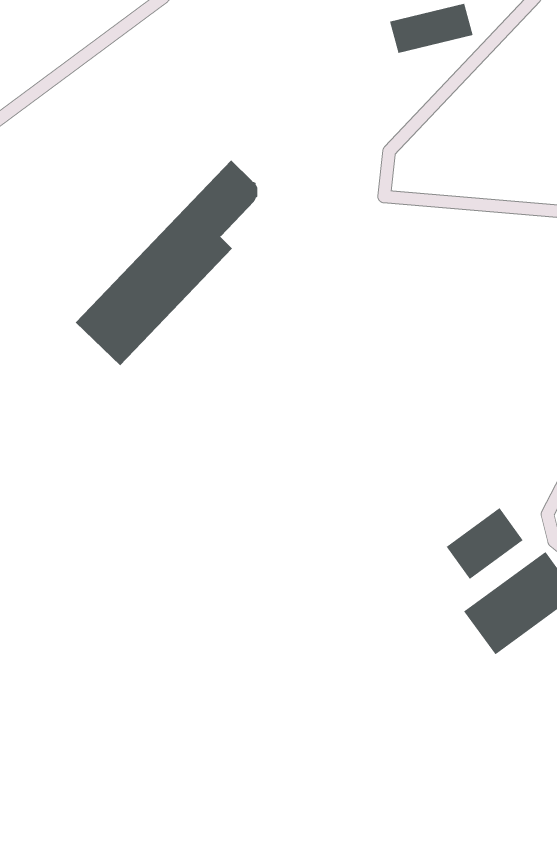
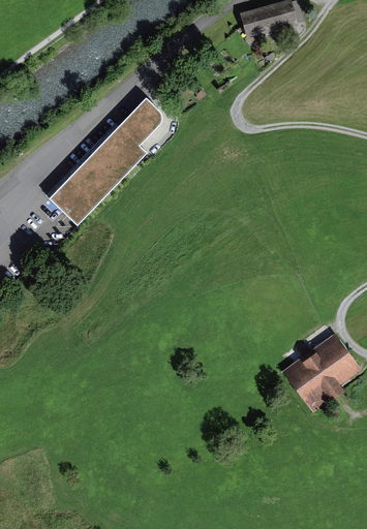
building: [446,507,523,580] -> none

